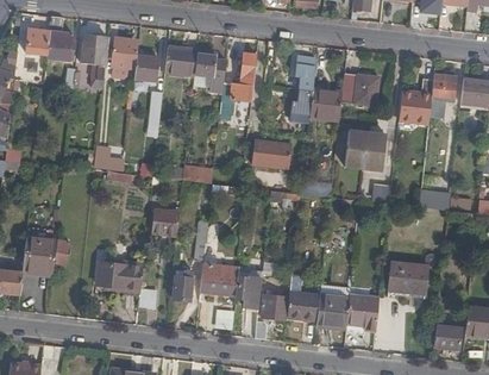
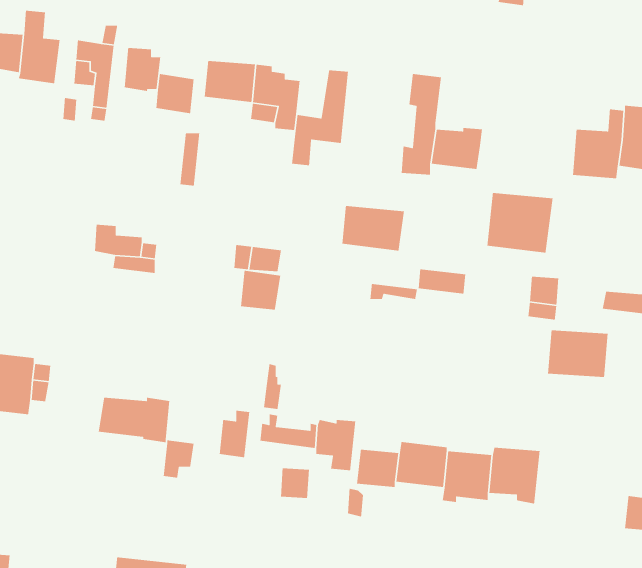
building: [341,73,380,105] -> none
building: [153,210,180,236] -> [240,270,281,311]
building: [389,262,428,293] -> [547,329,608,378]

